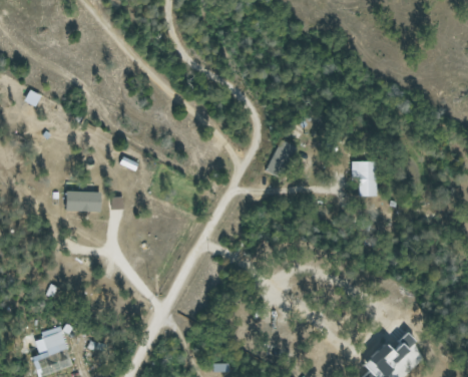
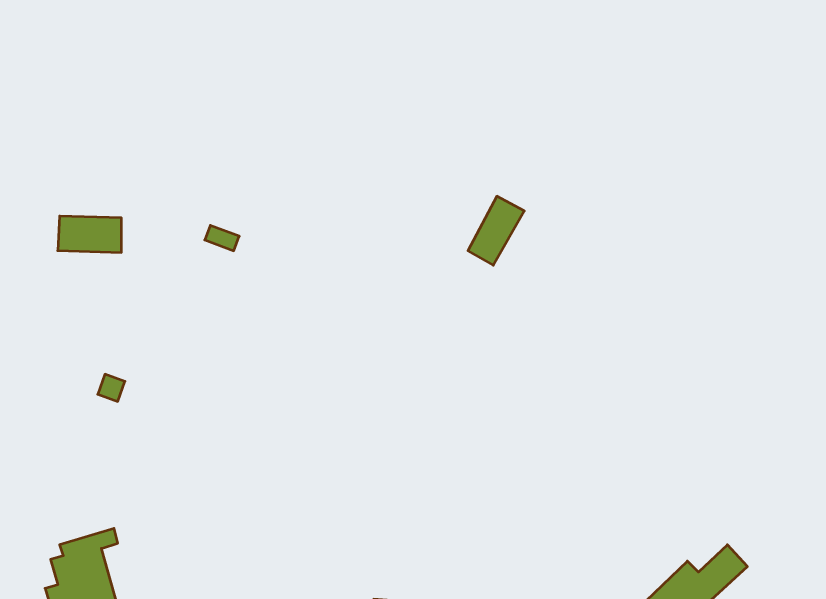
building: [351,161,376,197] -> none
building: [66,192,101,212] -> [58,216,121,252]

